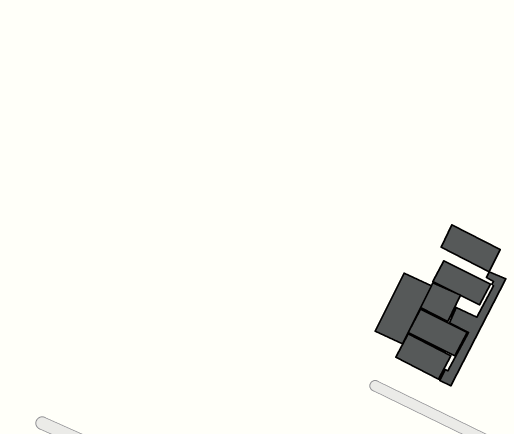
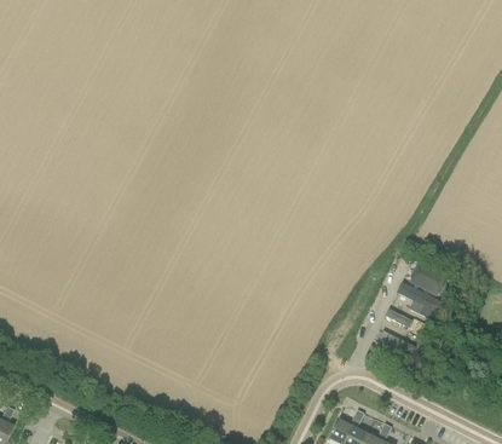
building: [441,225,500,272] -> none
building: [375,273,431,344] -> none

